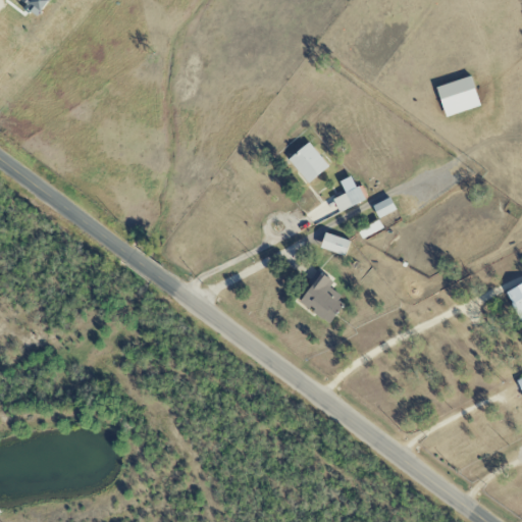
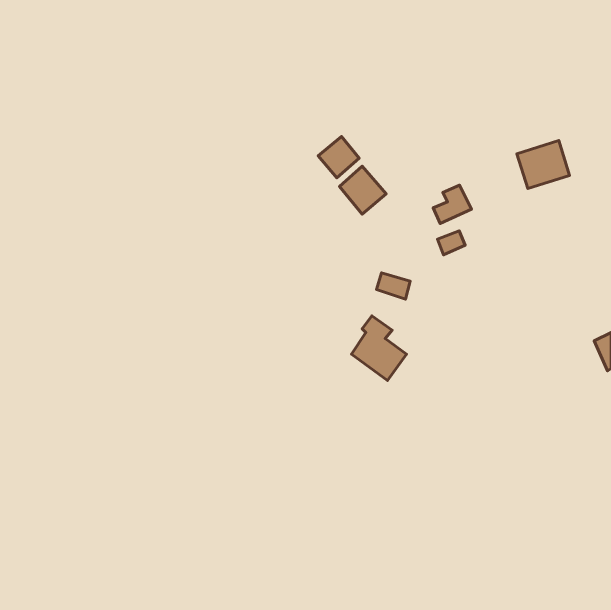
building: [436,75,481,116] -> [517,141,570,189]
building: none -> [318,136,359,178]
building: [333,178,366,211] -> [433,185,471,223]

